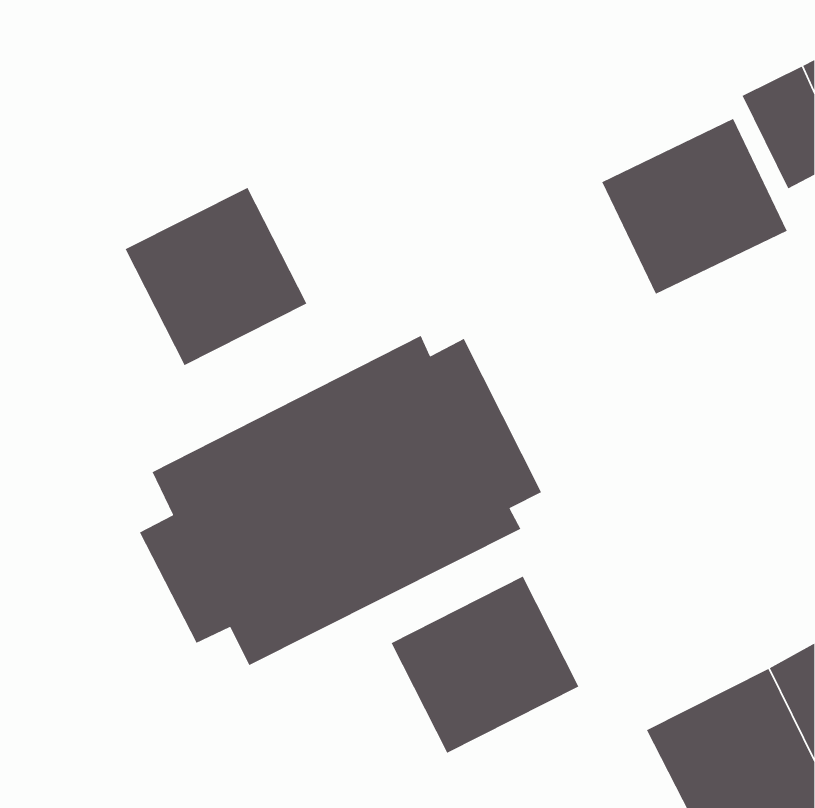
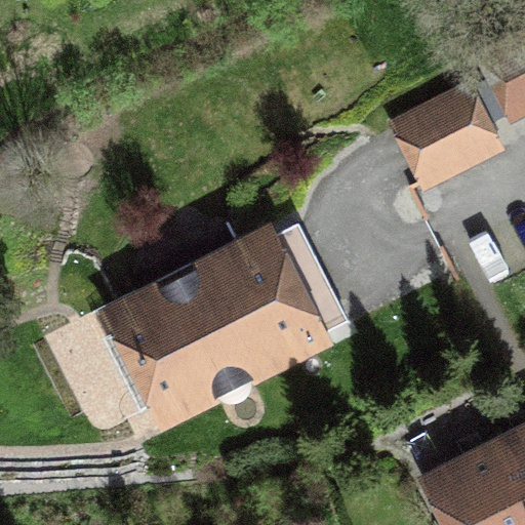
building: [125,187,307,366] -> none
building: [391,575,579,754] -> none

